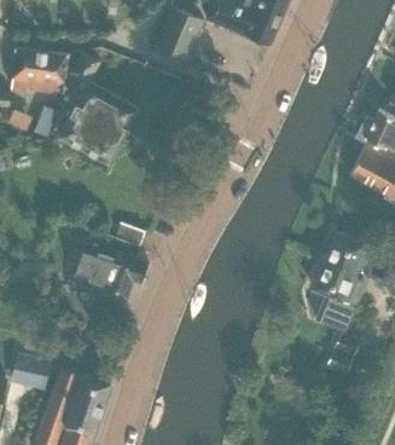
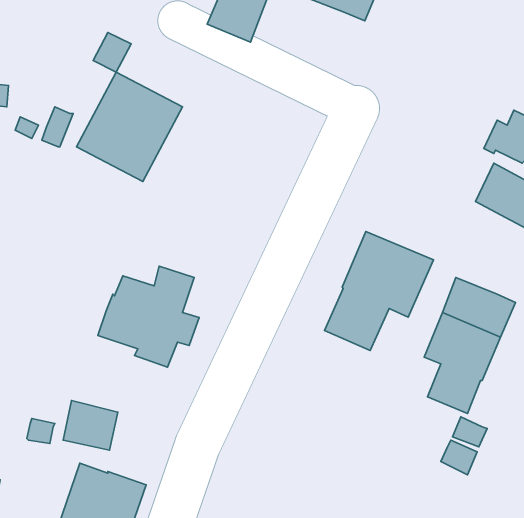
building: [11,48,68,93] -> none
building: none -> [324,231,433,351]
building: [10,353,50,389] -> [63,400,118,450]

